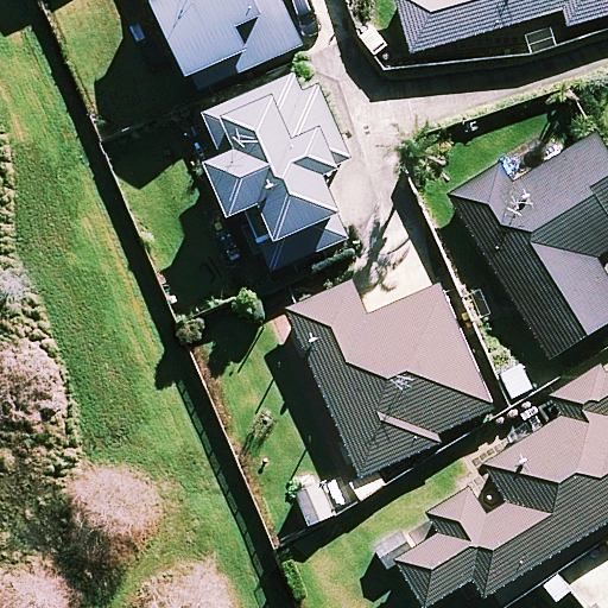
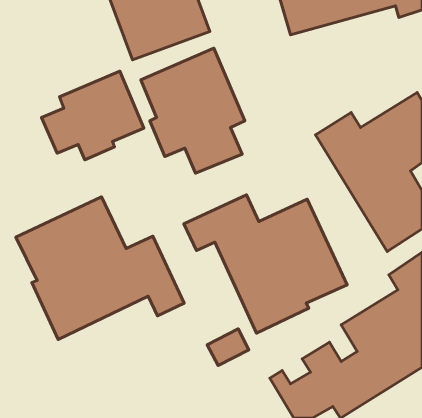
building: none -> [41,71,144,160]
building: none -> [16,197,184,339]

